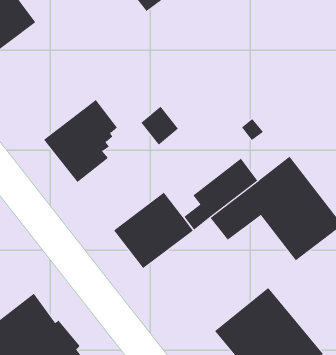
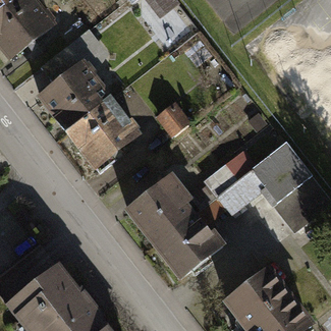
building: none -> [37,26,113,129]
building: none -> [155,211,227,280]

